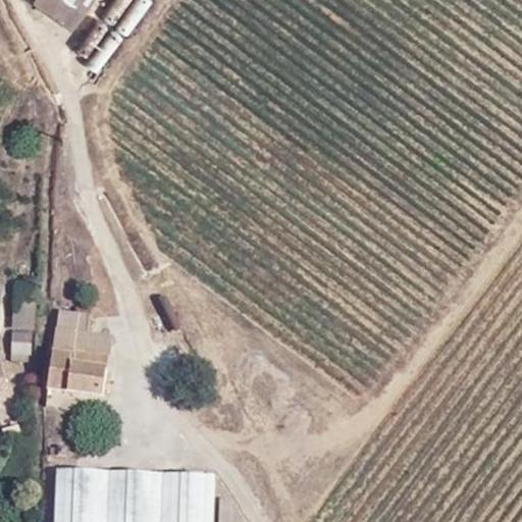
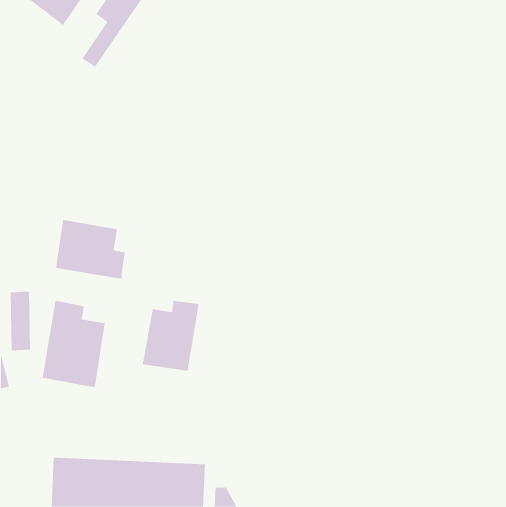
building: none -> [55,219,125,280]
building: none -> [142,300,199,372]

